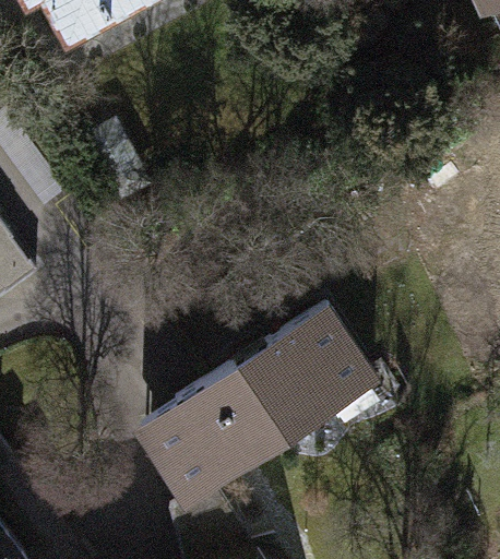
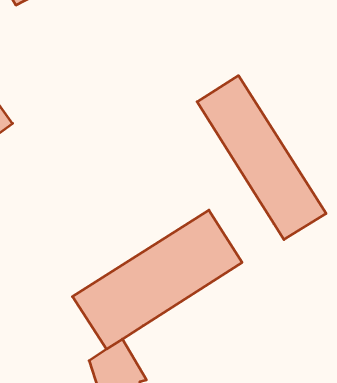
building: none -> [197,76,326,240]

